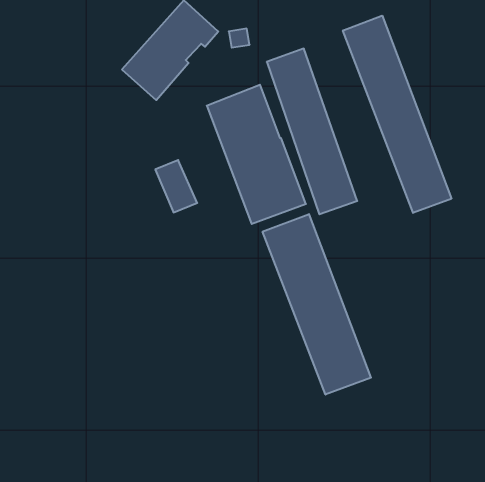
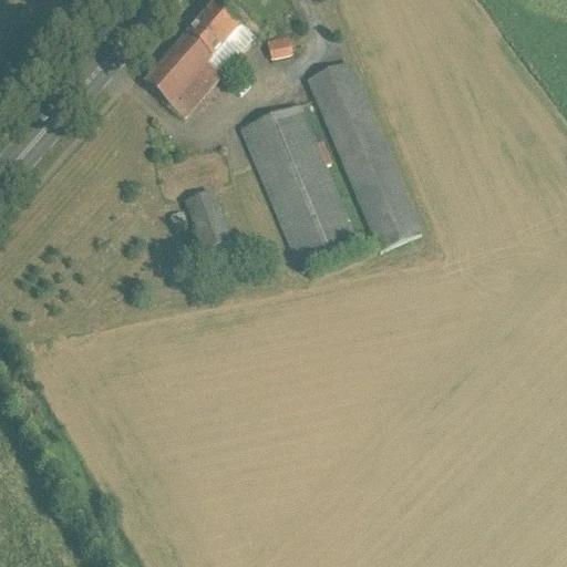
building: [343,16,451,213] -> none
building: [263,214,371,395] -> none

